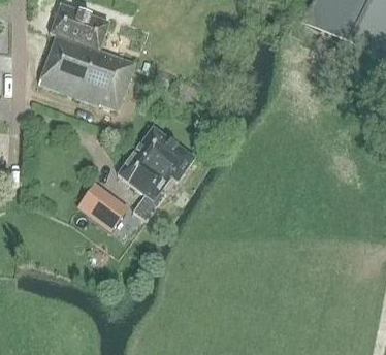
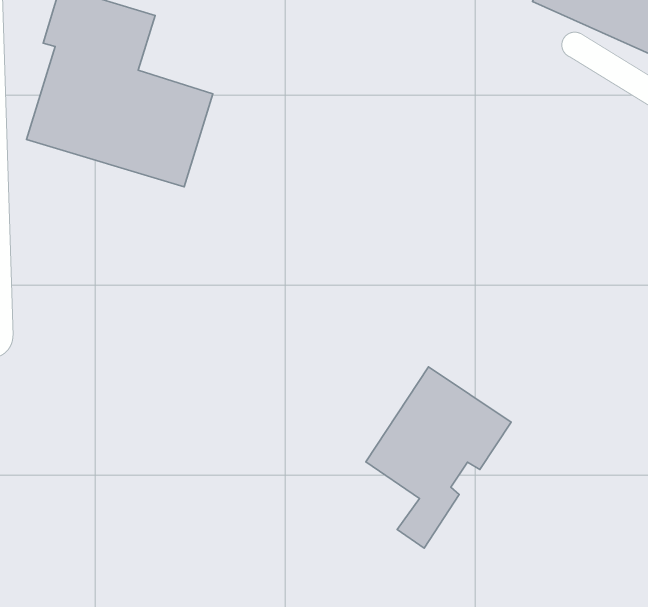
building: [119,125,195,219] -> [366,367,511,548]
building: [78,188,125,229] -> none

